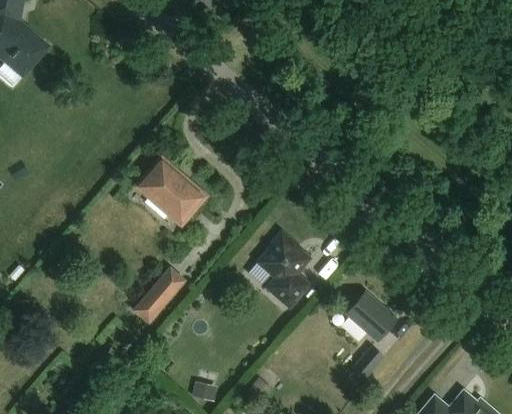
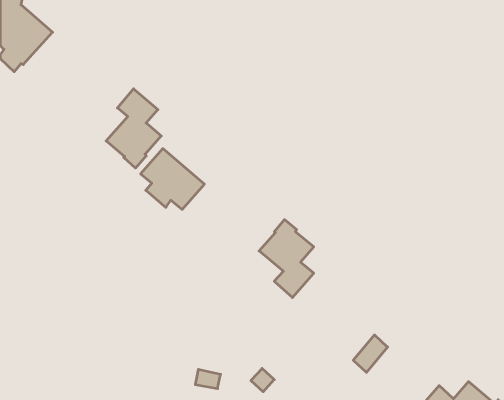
building: none -> [106,89,161,168]
building: [131,265,185,323] -> none
building: [346,292,395,340] -> none

